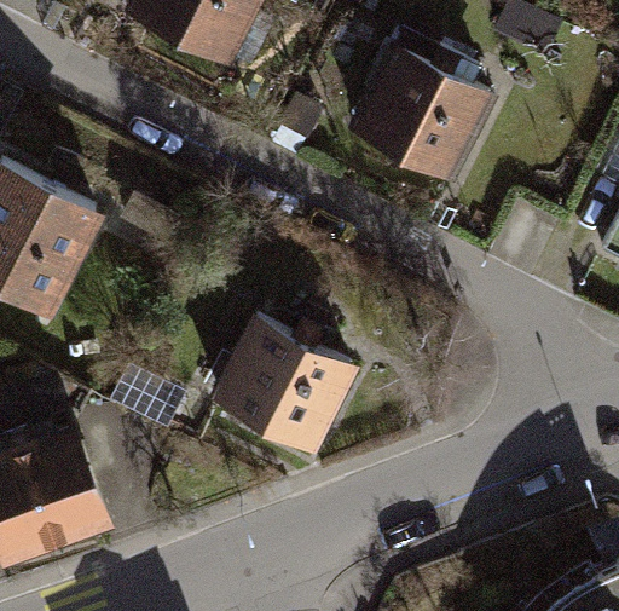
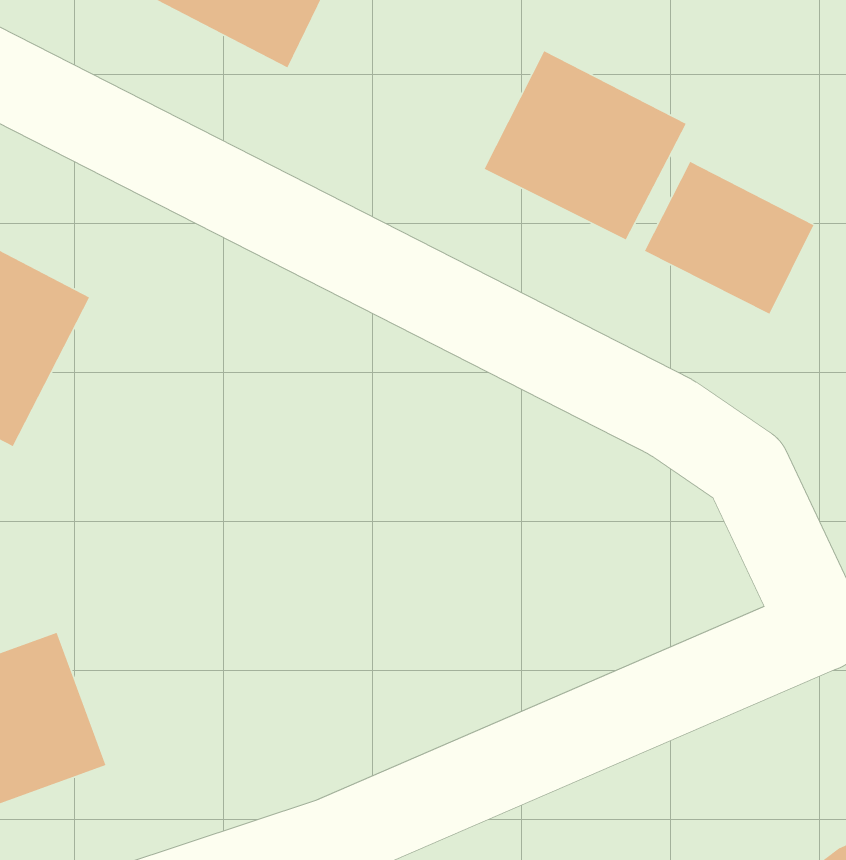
building: none -> [644,161,815,315]
building: [219,324,352,450] -> none

